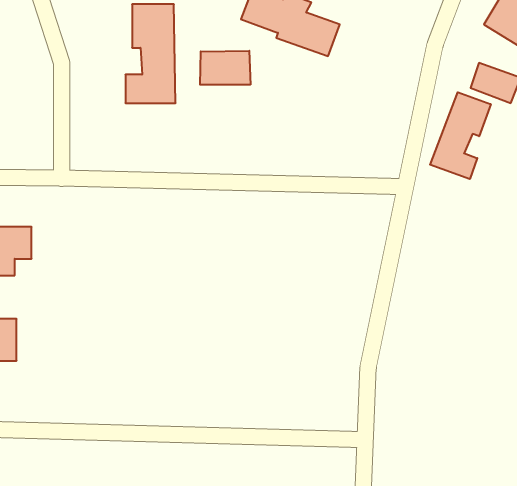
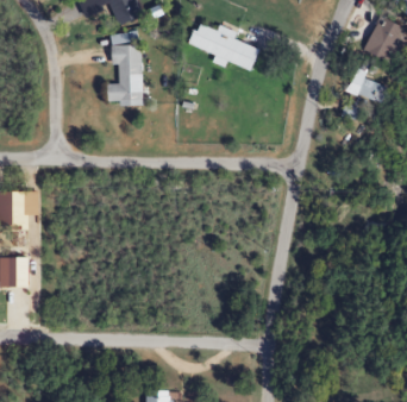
building: [200,51,250,85] -> none
building: [430,92,491,179] -> none

